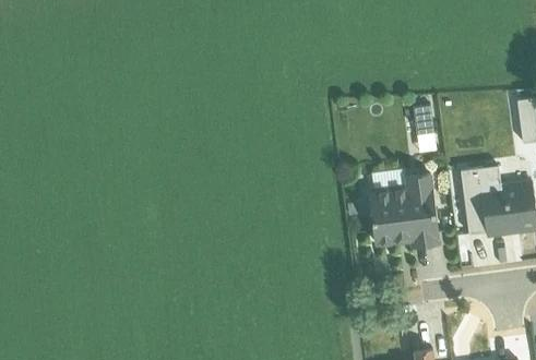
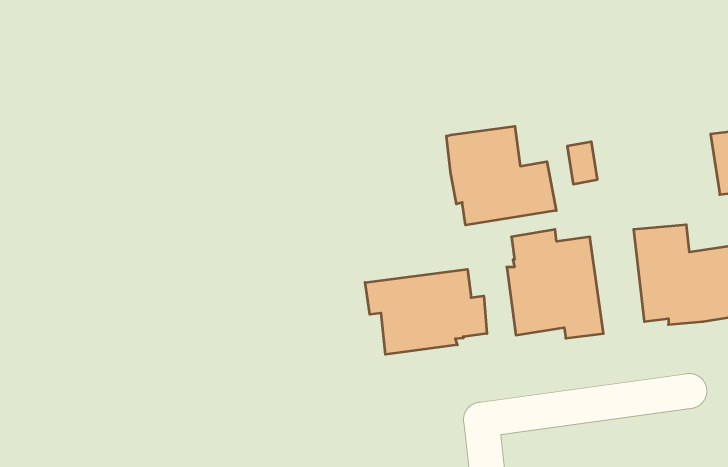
building: none -> [446,126,556,225]
building: none -> [365,269,487,354]

